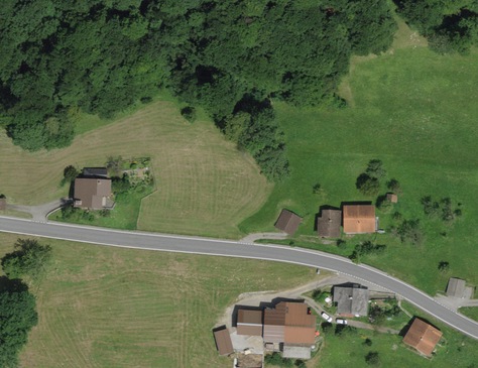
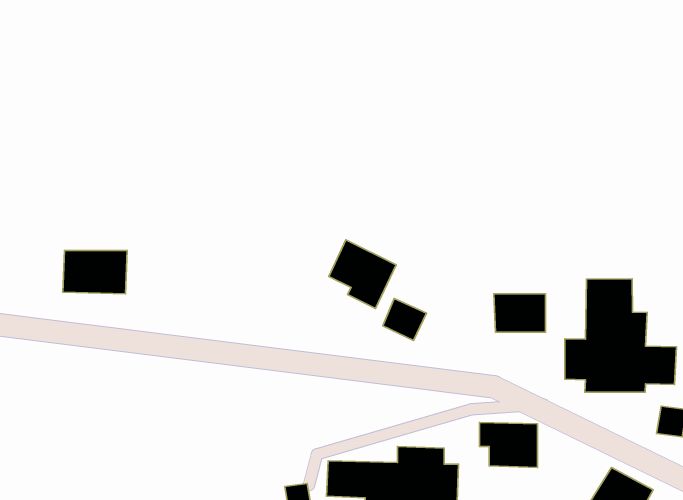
building: none -> [329,240,396,308]
building: none -> [565,279,677,392]
building: [316,211,339,240] -> none

